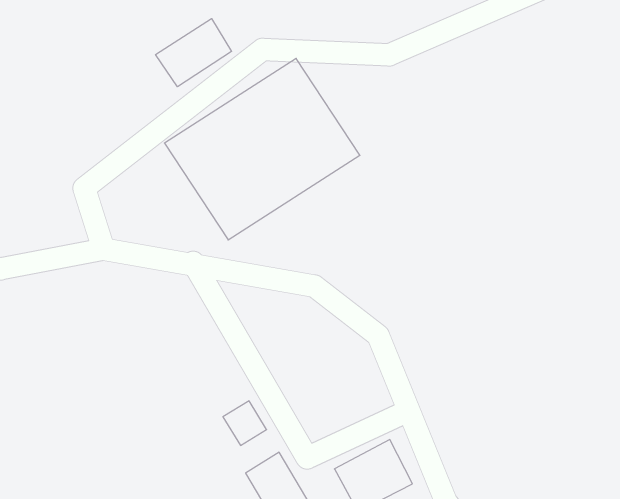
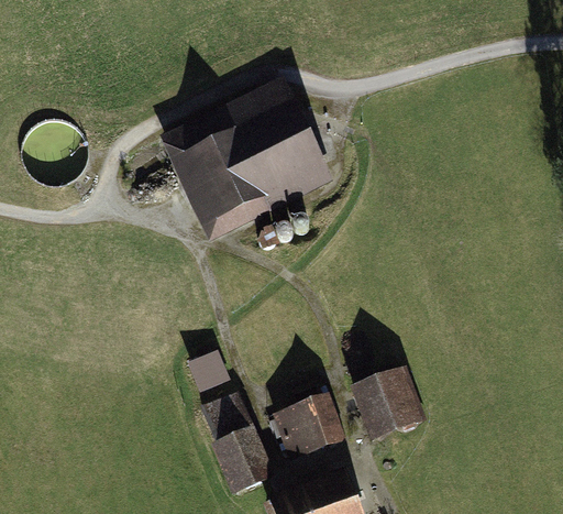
building: [156,19,232,87] -> none
building: none -> [357,380,411,437]

